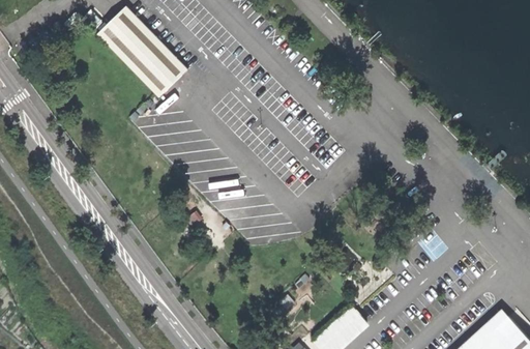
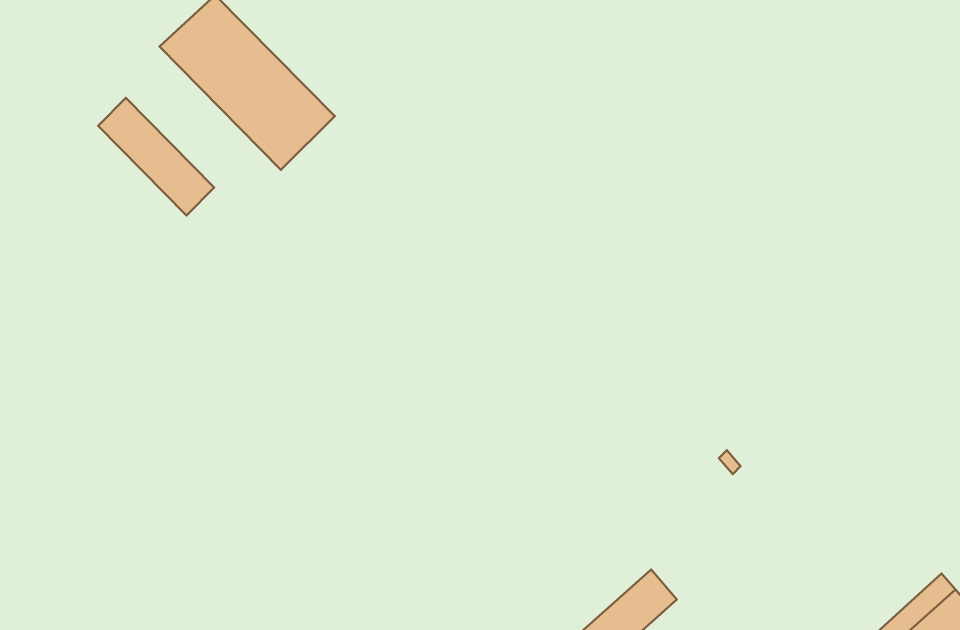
building: none -> [98,98,214,215]

